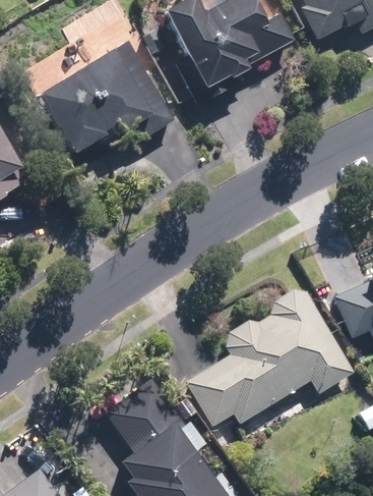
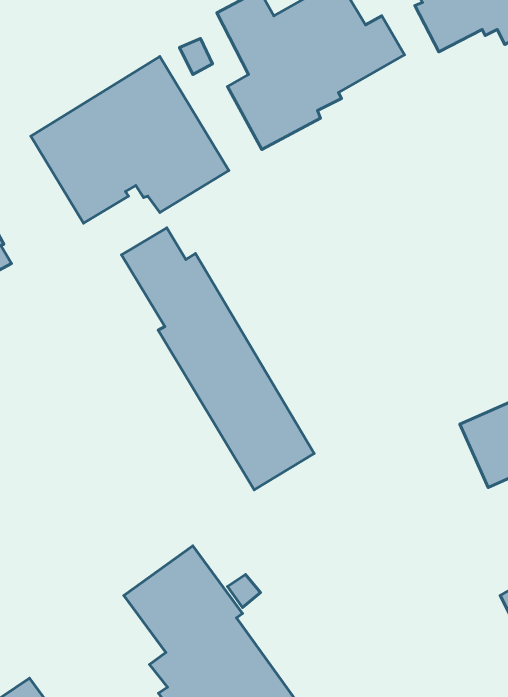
building: none -> [122,228,314,490]
building: [186,286,355,425] -> none

